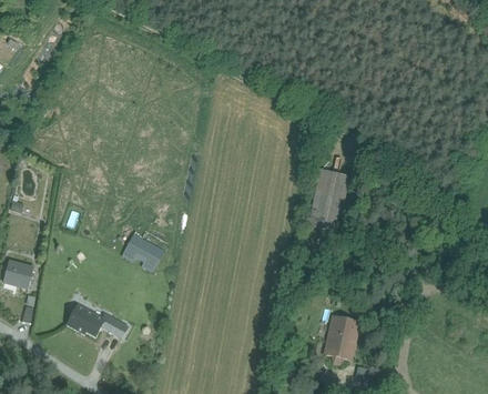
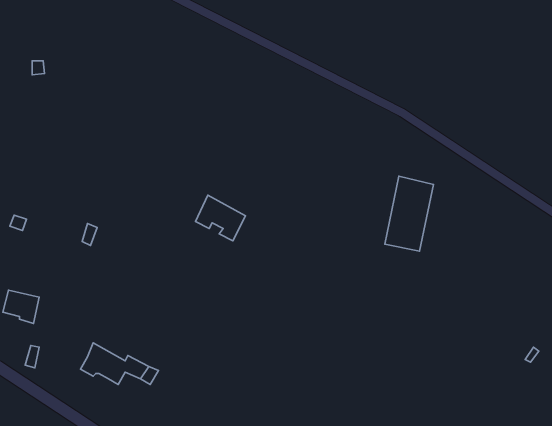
building: [123,234,163,271] -> [195,195,245,241]
building: [326,315,358,362] -> none

